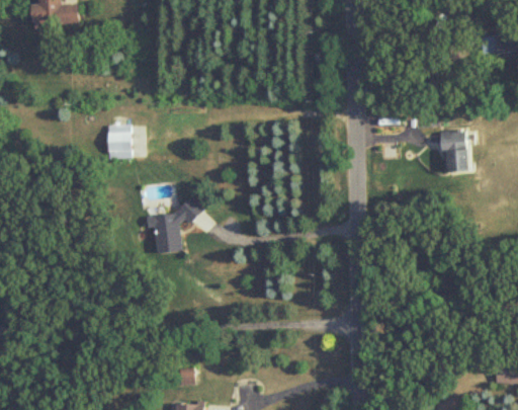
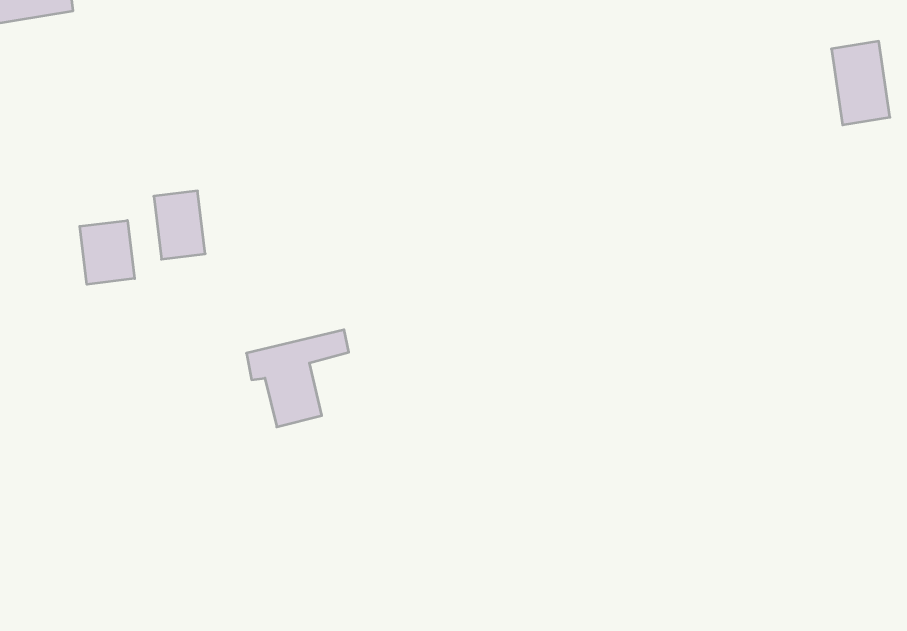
building: [441,131,467,172] -> [831,41,890,125]
building: none -> [80,220,135,284]

